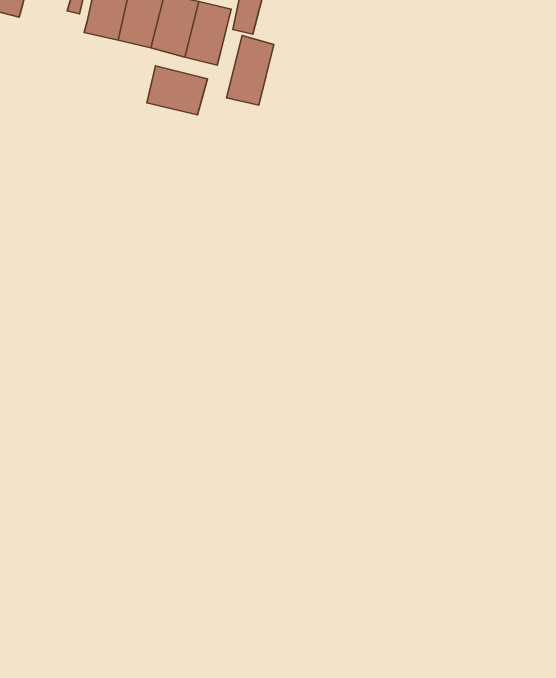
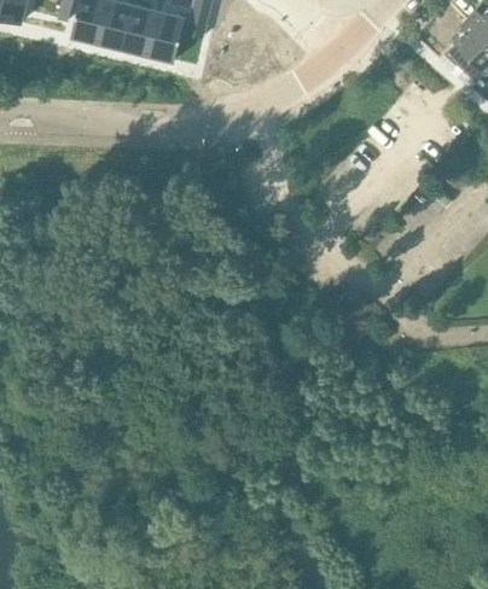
building: [227,36,274,105] -> none
building: [147,66,207,115] -> none

